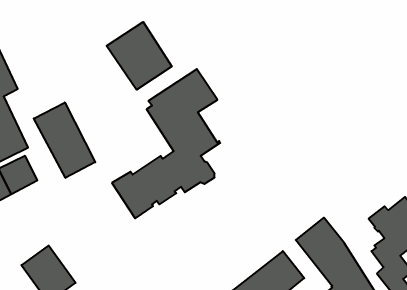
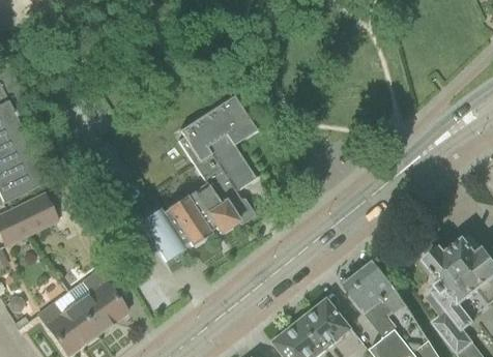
building: [107,22,172,90] -> none
building: [34,102,95,178] -> none
building: none -> [67,271,126,333]

